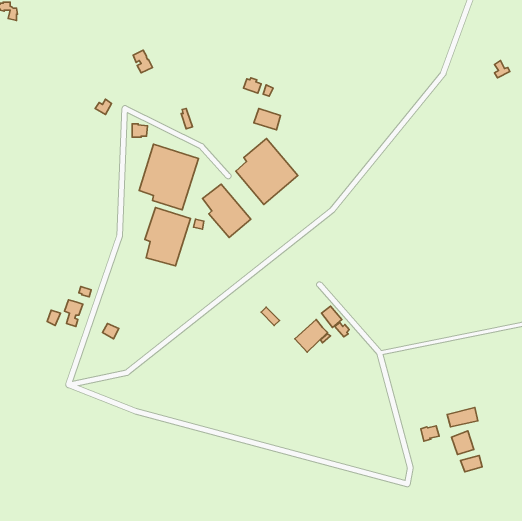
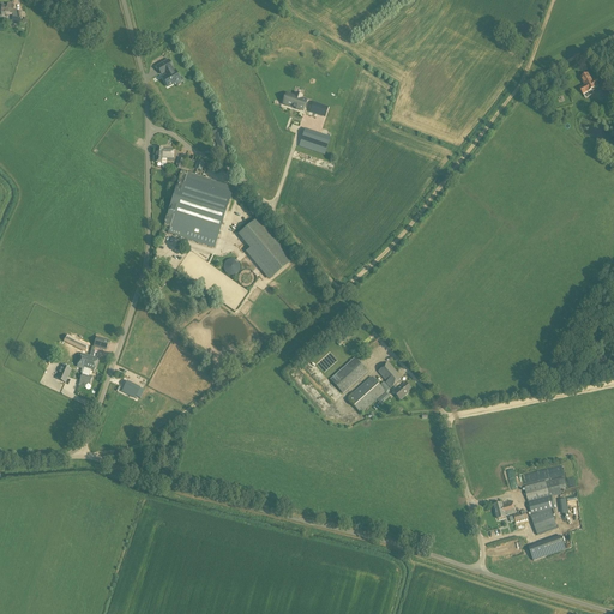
building: [236,139,298,205] -> none
building: [145,207,190,266] -> none
building: none -> [329,356,366,391]

